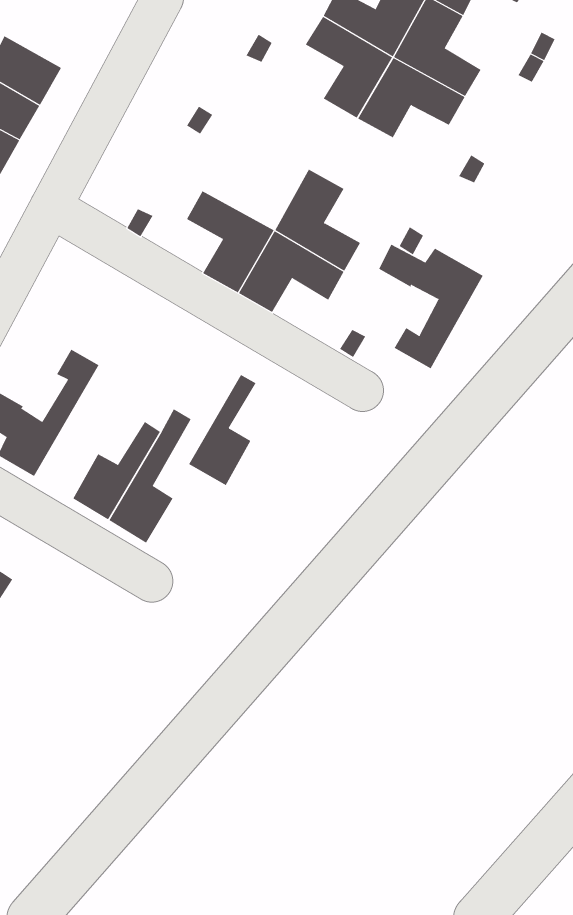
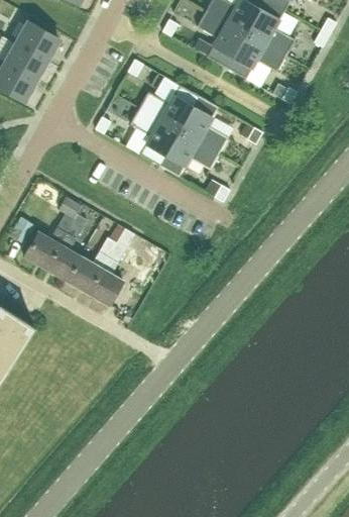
building: none -> [138,85,198,130]
building: [379,244,484,369] -> none
building: [188,374,257,486] -> [44,218,83,281]

